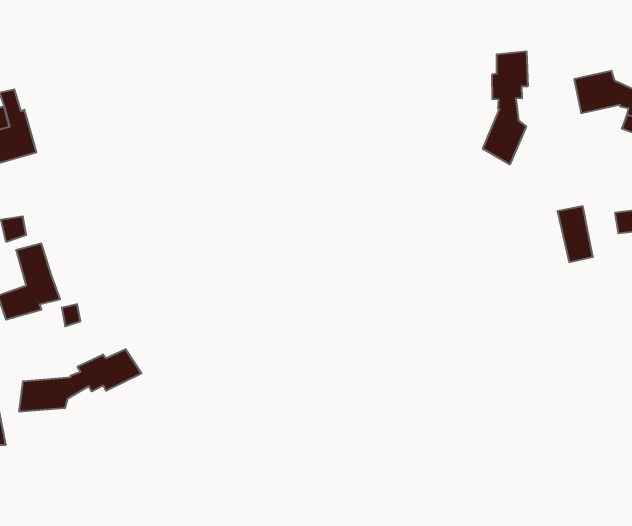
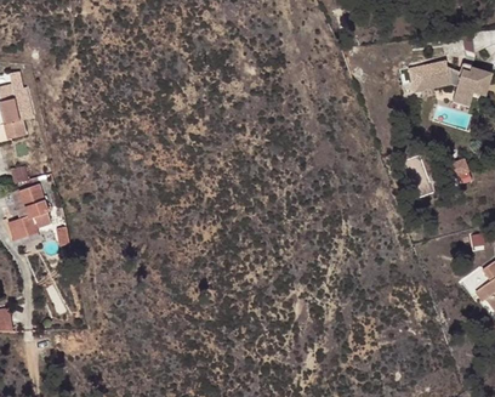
building: [483,51,528,164] -> none
building: [19,349,141,412] -> none

